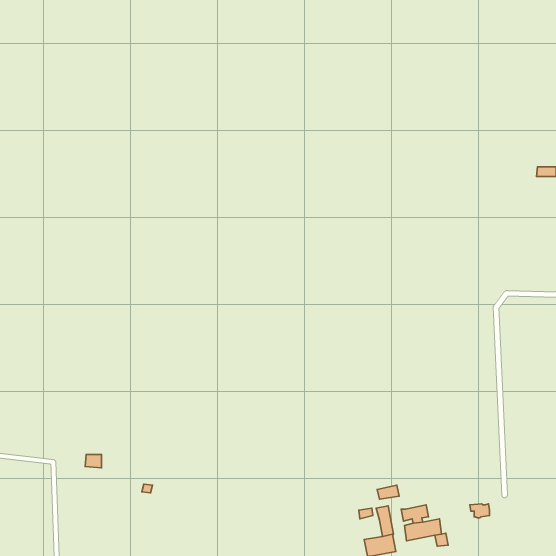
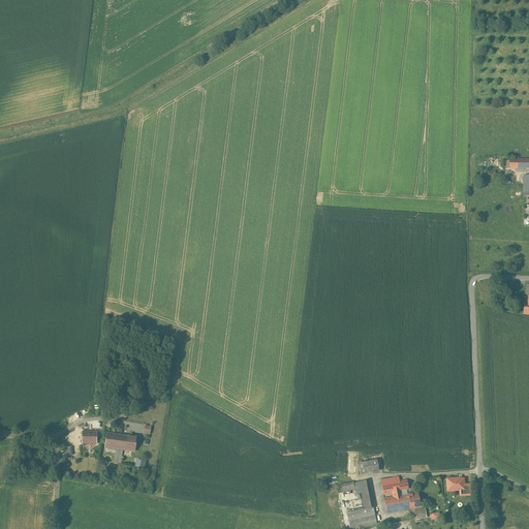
building: none -> [103,432,135,450]

